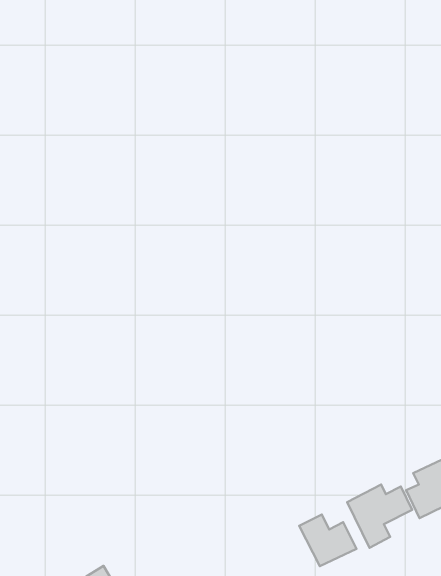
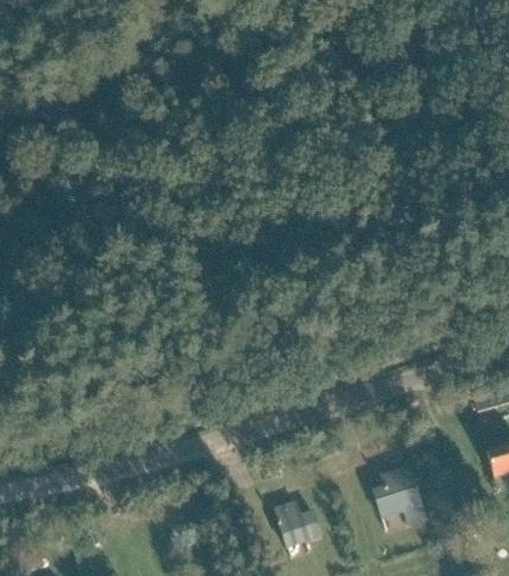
building: [347,485,412,548] -> none

